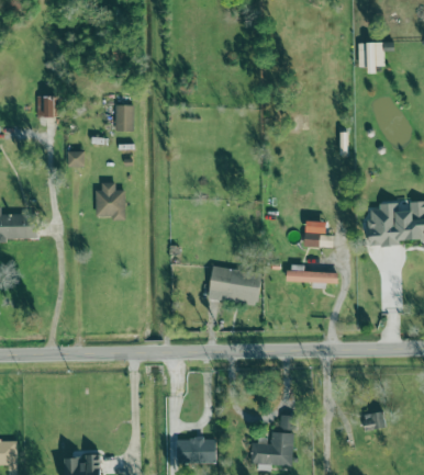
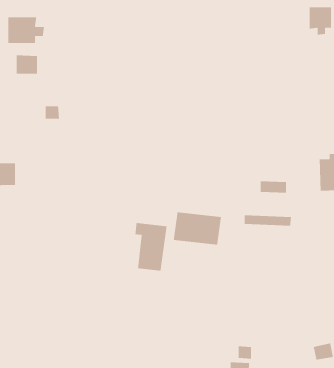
building: none -> [8,17,45,44]
building: [114,104,134,131] -> none
building: [97,182,125,217] -> none
building: none -> [134,222,167,271]

